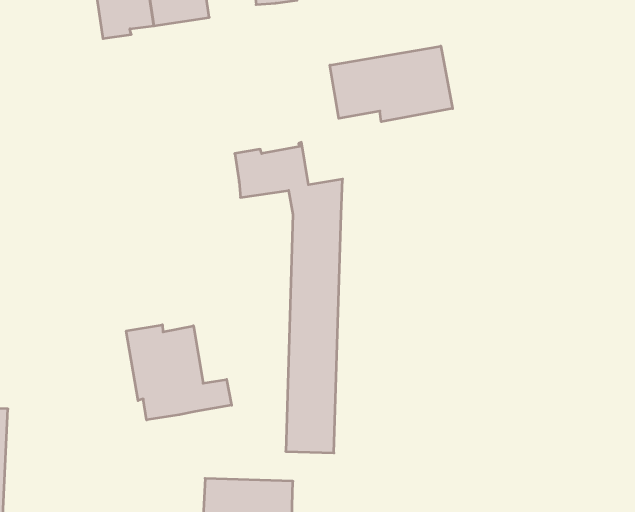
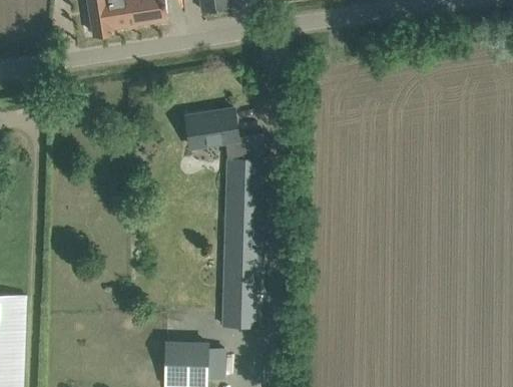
building: [330,46,453,122] -> none
building: [126,325,232,420] -> none

